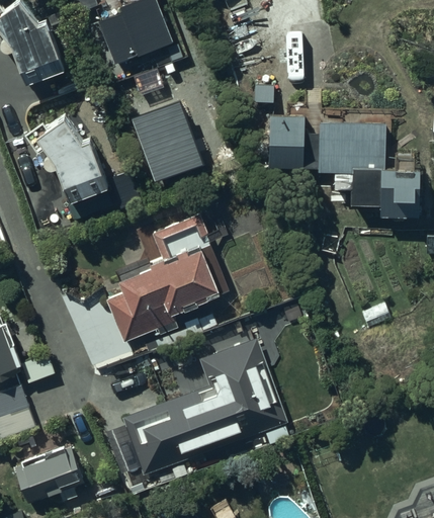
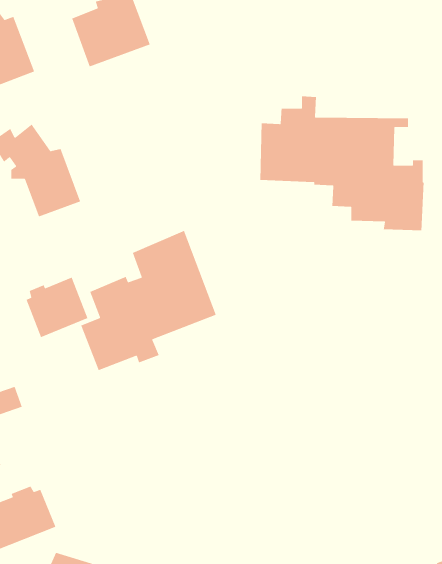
building: [133,104,204,187] -> none
building: none -> [25,277,88,338]
building: [122,339,287,477] -> none

